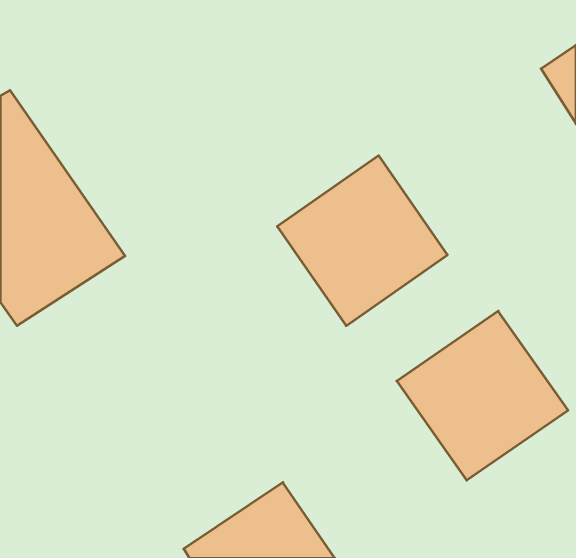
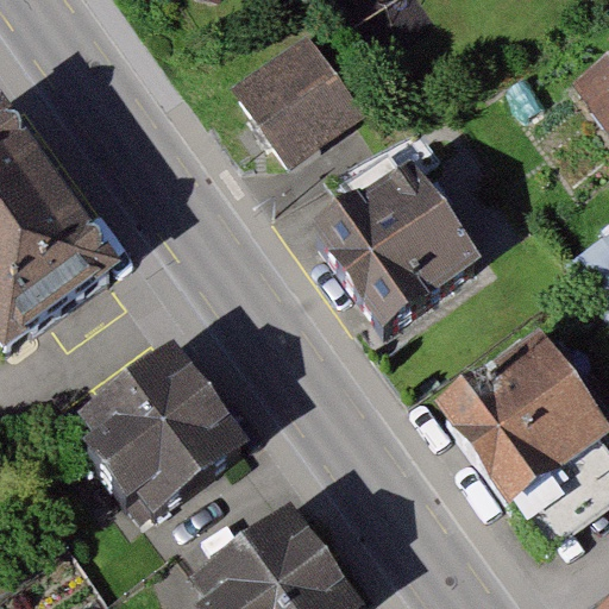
building: none -> [228,30,365,167]
building: none -> [80,358,252,522]

